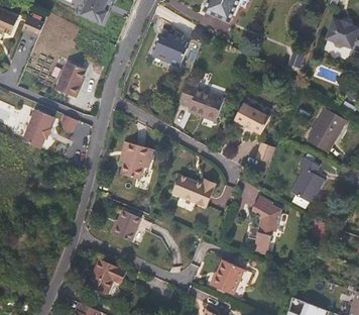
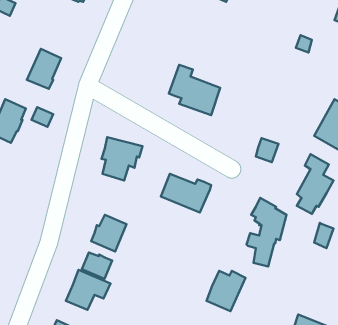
building: [152,30,188,67] -> none
building: [234,101,270,133] -> none
building: none -> [82,253,112,279]

